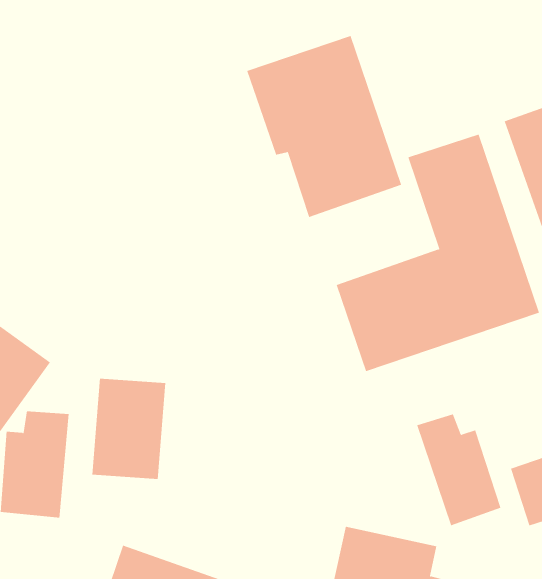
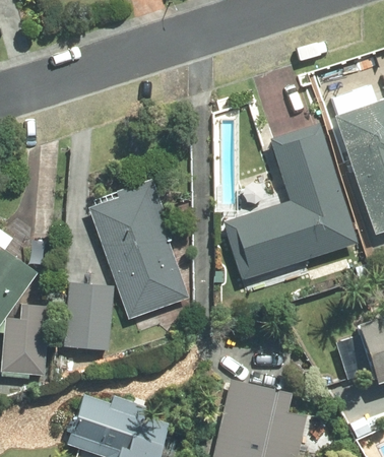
building: [247,35,402,218] -> none
building: none -> [88,180,189,321]
building: [416,413,501,526] -> none

